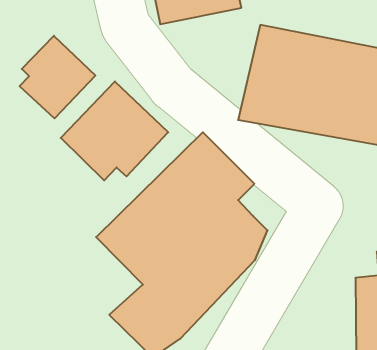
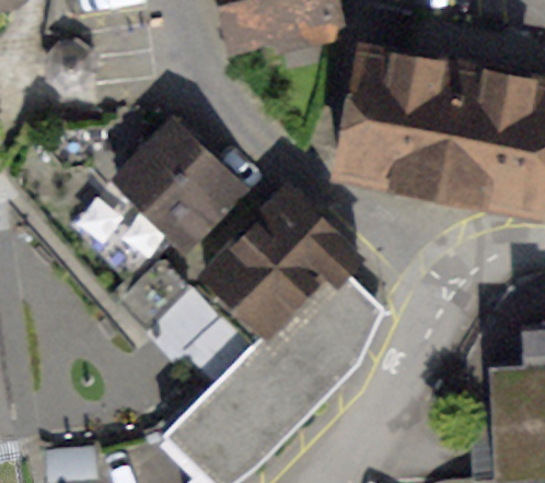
building: [20,36,95,118] -> none

